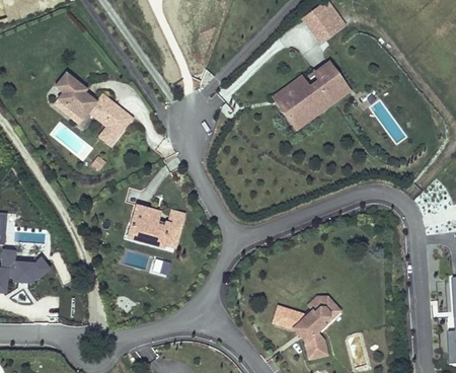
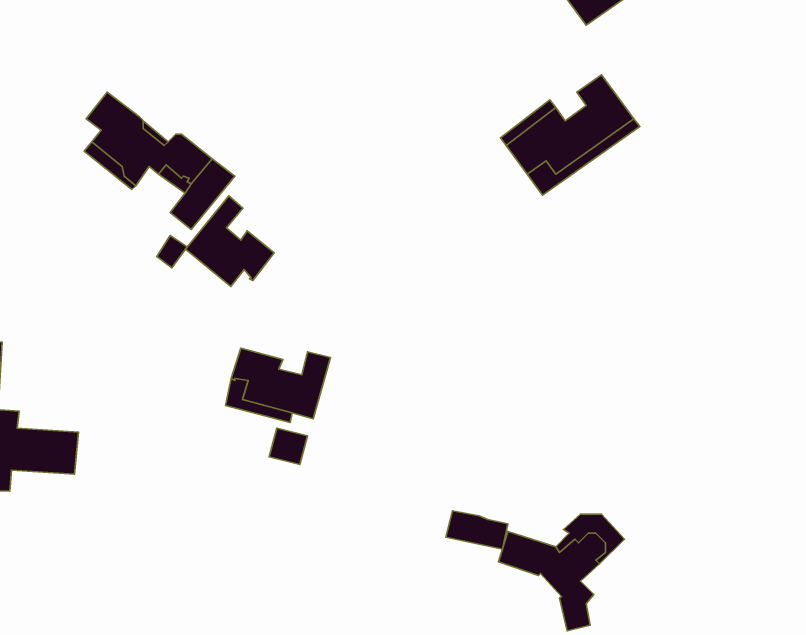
building: none -> [185,196,274,286]
building: none -> [446,511,508,549]

